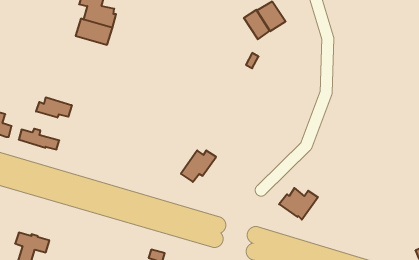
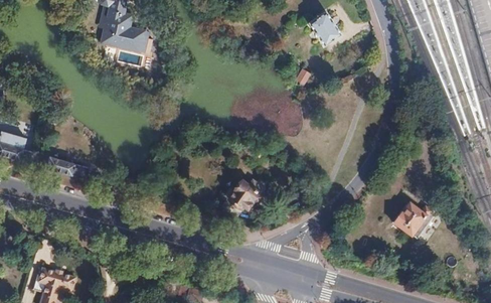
building: [244,10,269,39] -> none
building: [36,97,72,118] -> none
building: [279,188,318,220] -> [391,204,435,240]

